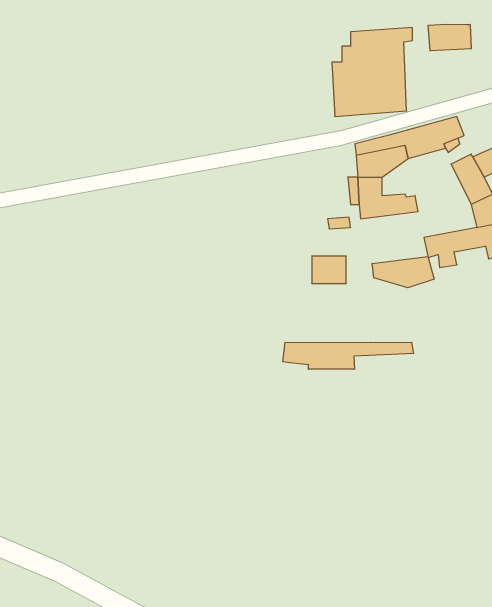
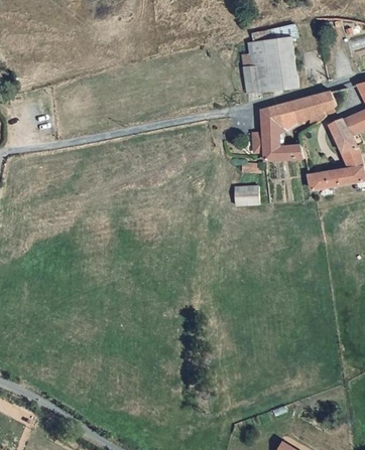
building: [428,24,471,51] -> none
building: [372,256,434,288] -> none
building: [283,342,414,369] -> none

